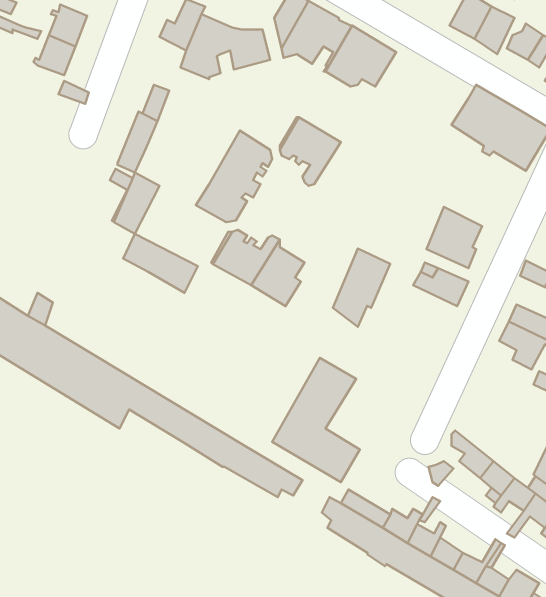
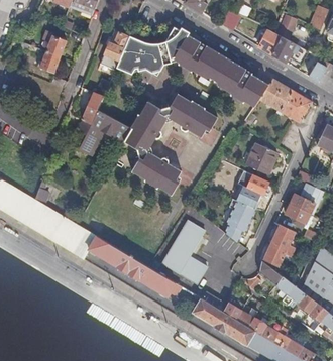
building: none -> [217,61,268,107]
building: none -> [187,108,217,136]
building: [123,234,198,293] -> [92,111,131,142]
building: [333,249,390,327] -> [225,201,255,242]
building: none -> [263,225,294,266]

